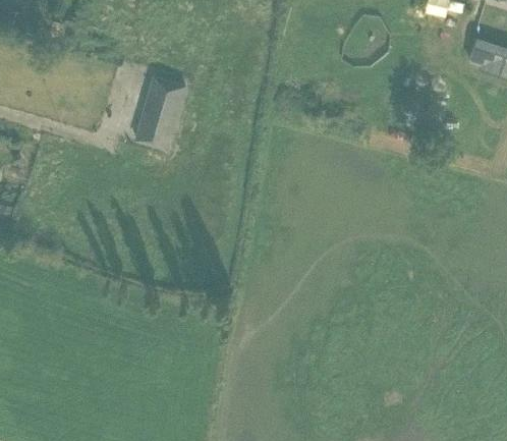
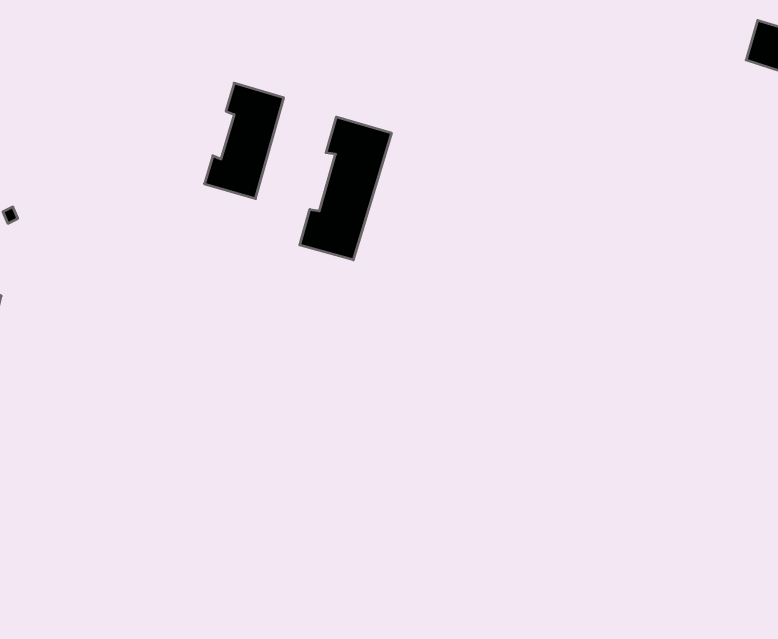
building: none -> [300,117,391,260]

